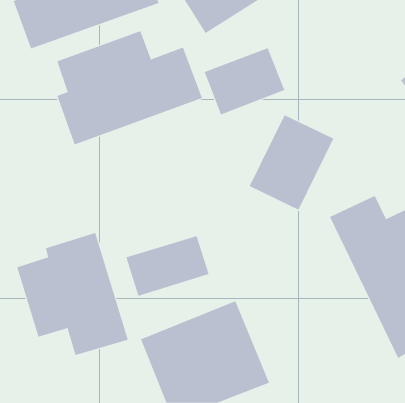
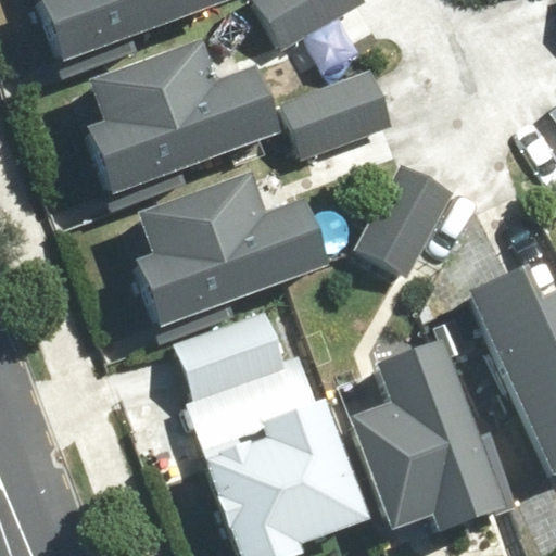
building: none -> [134,174,331,327]
building: [16,232,128,356] -> none
building: none -> [353,336,510,533]

